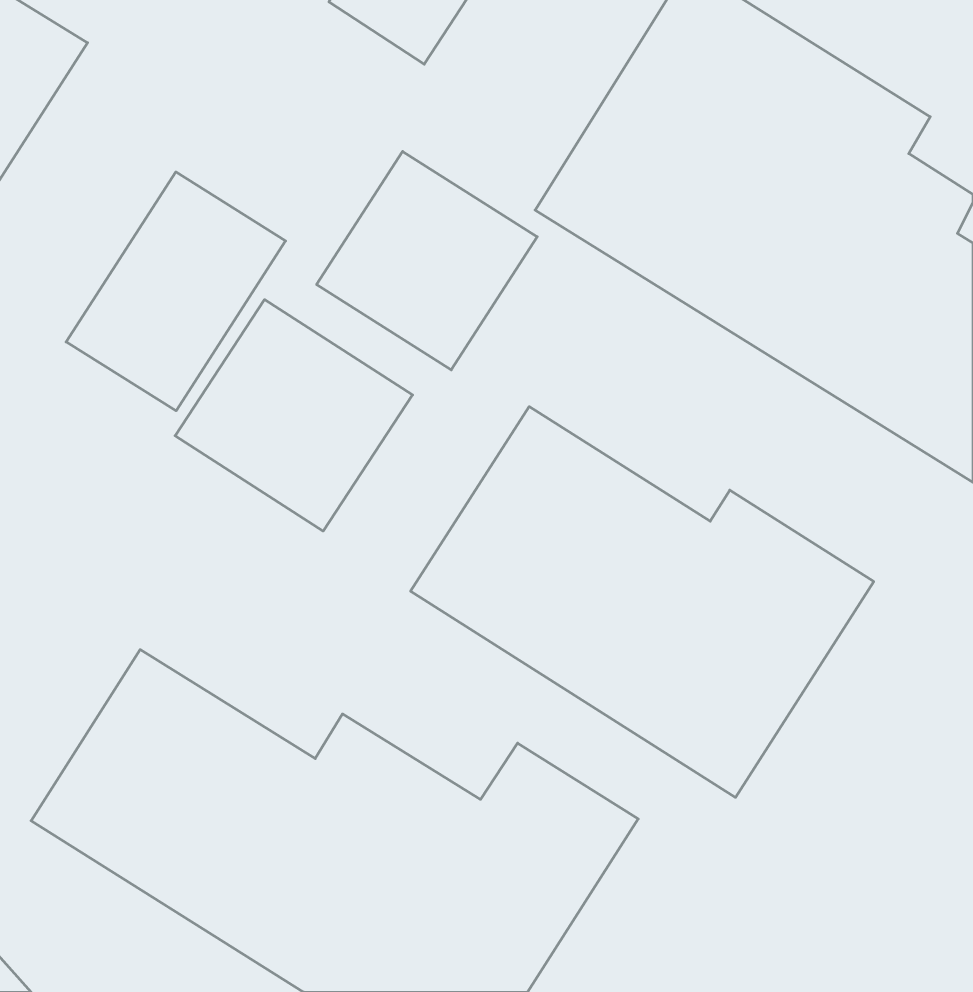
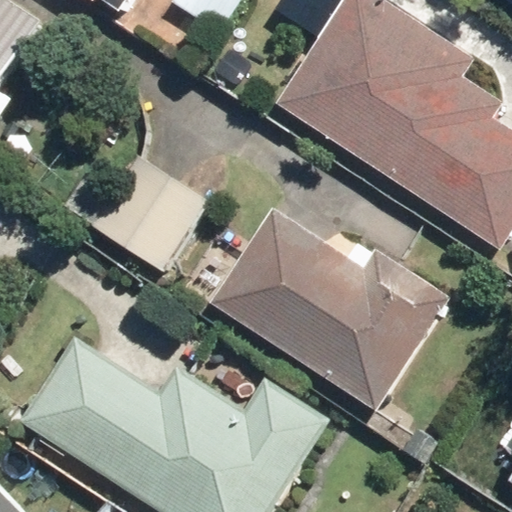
building: [317,151,537,370] -> none
building: [66,172,286,411] -> none

